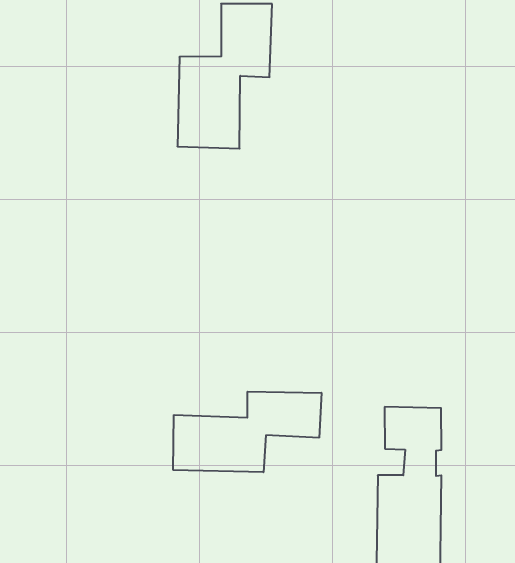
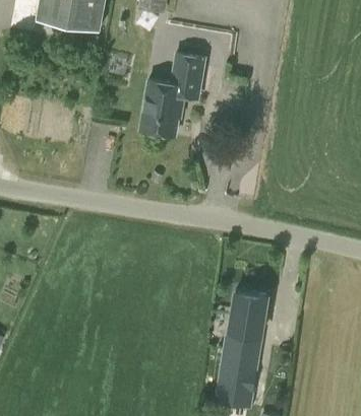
building: [173,392,321,472] -> none

